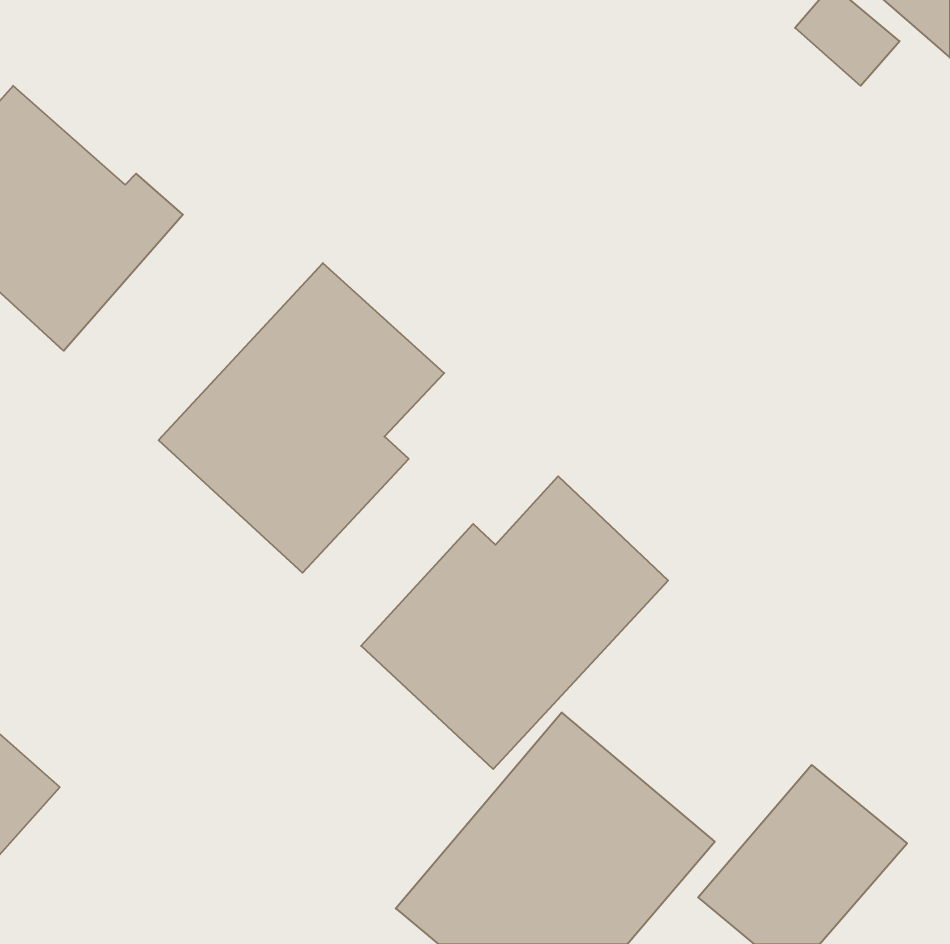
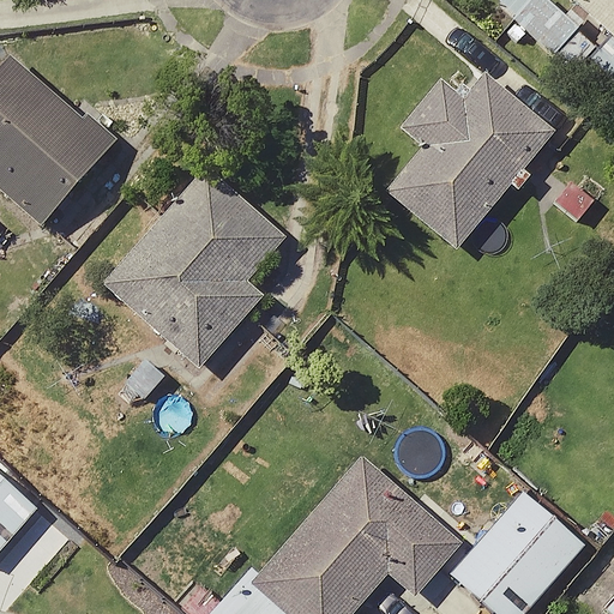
building: none -> [385,59,560,249]
building: [361,476,668,769] -> none

